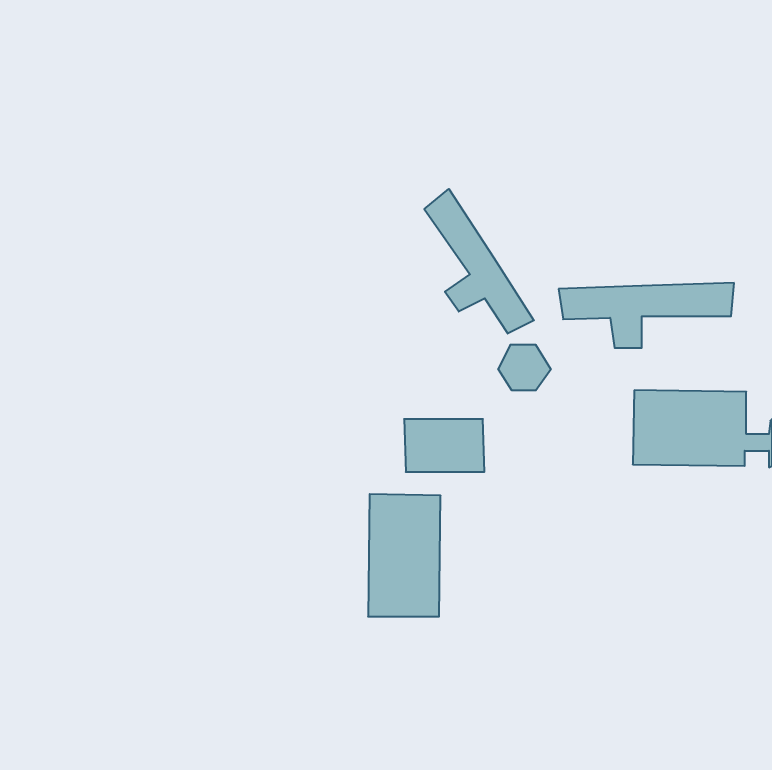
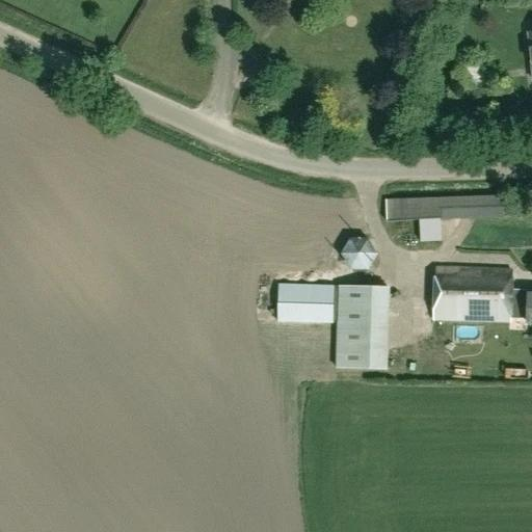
building: [424,189,534,334] -> none
building: [368,494,441,617] -> [338,271,388,355]

